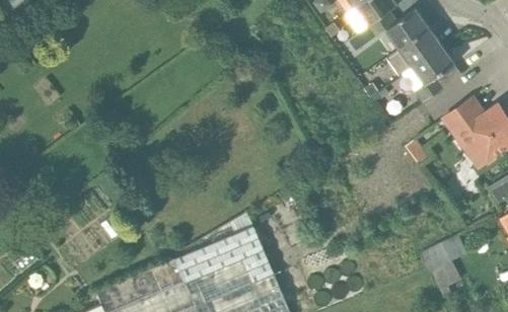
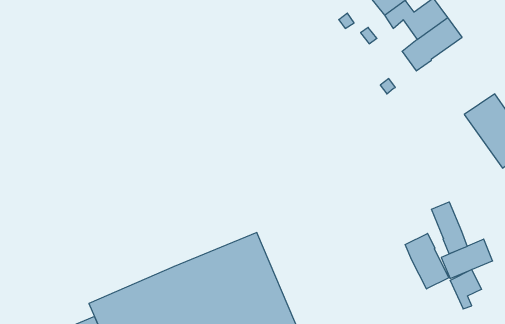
building: [414,45,455,102] -> none
building: none -> [431,202,467,254]
building: none -> [405,233,449,289]

